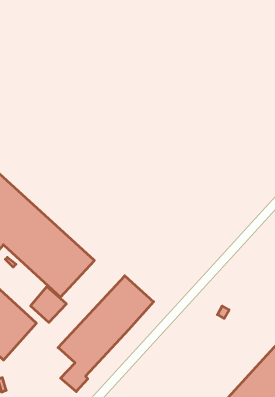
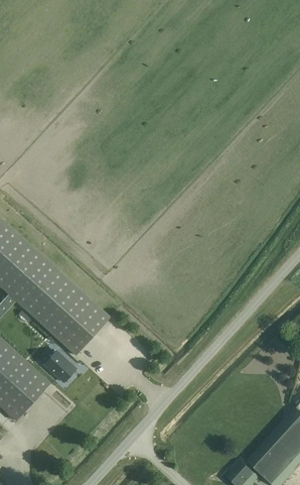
building: [58,276,154,392] -> none

